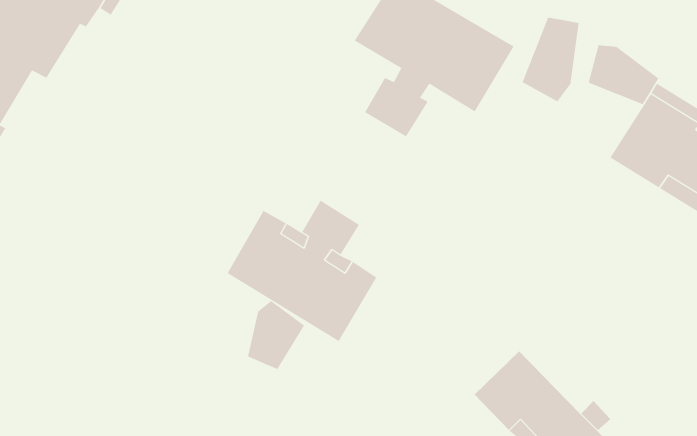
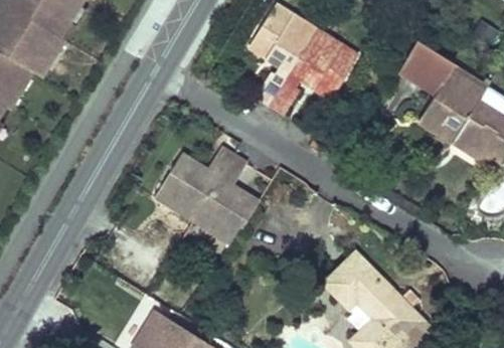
building: [522,17,579,102] -> none
building: [248,300,305,370] -> none

